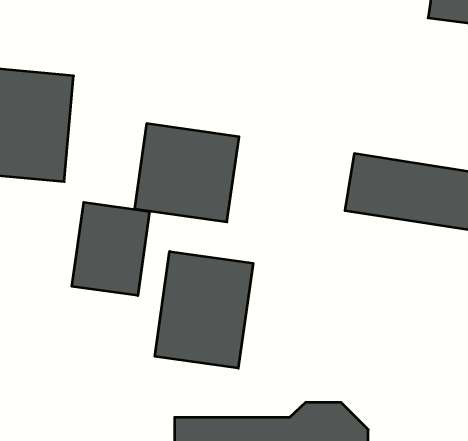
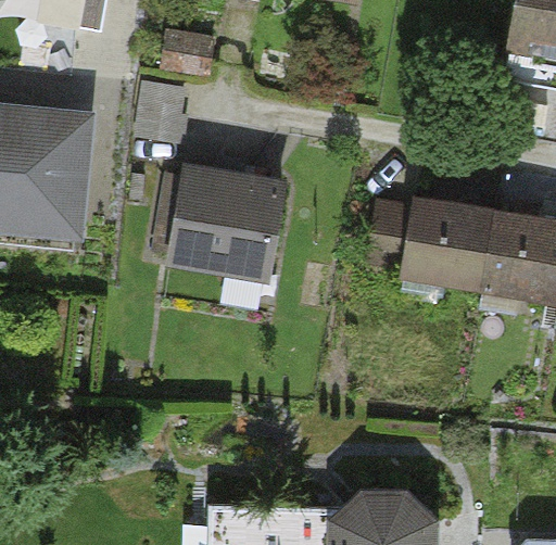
building: [72,202,150,296] -> none
building: [155,251,253,368] -> none

